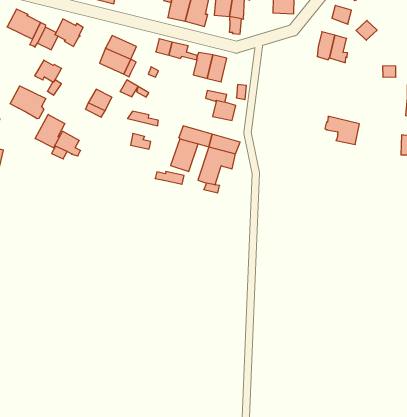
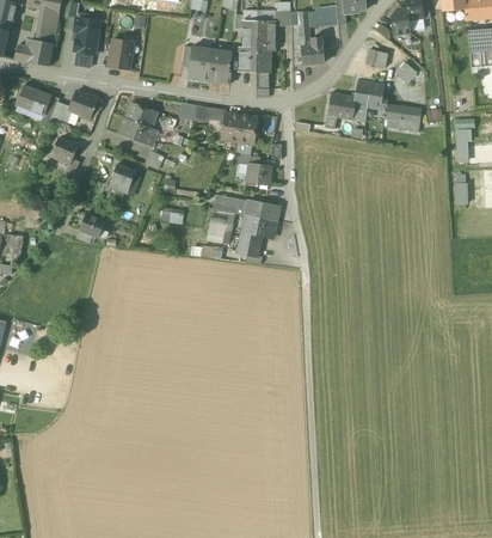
building: none -> [325,92,356,130]
building: [10,86,46,119] -> none
building: [35,114,65,148] -> none
building: [325,117,359,144] -> [383,104,420,132]

